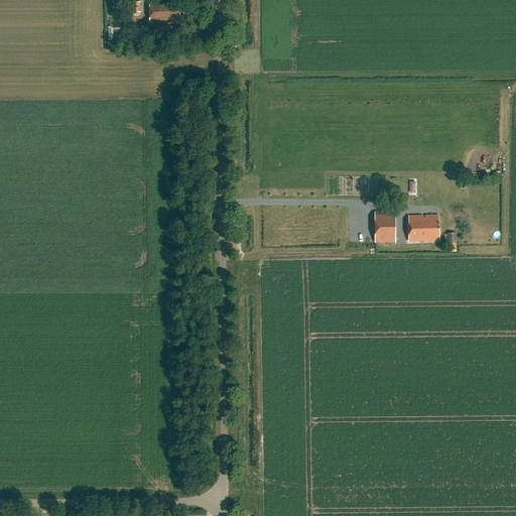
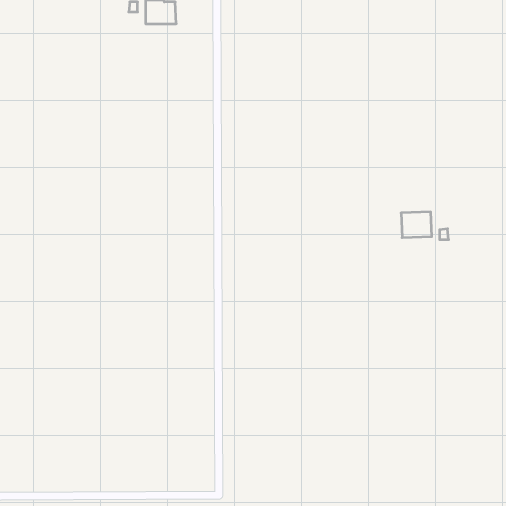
building: [374,212,395,244] -> none

